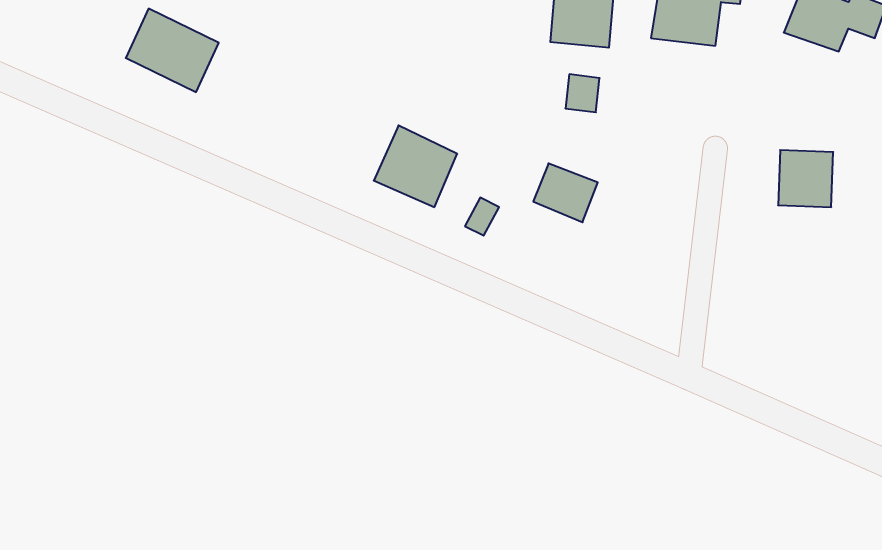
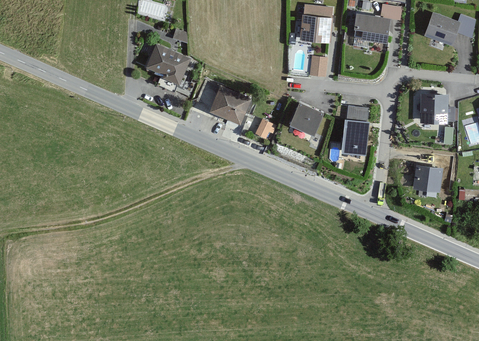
building: [126,9,219,92] -> [143,43,192,87]
building: none -> [340,103,372,155]
building: none -> [414,168,443,195]

